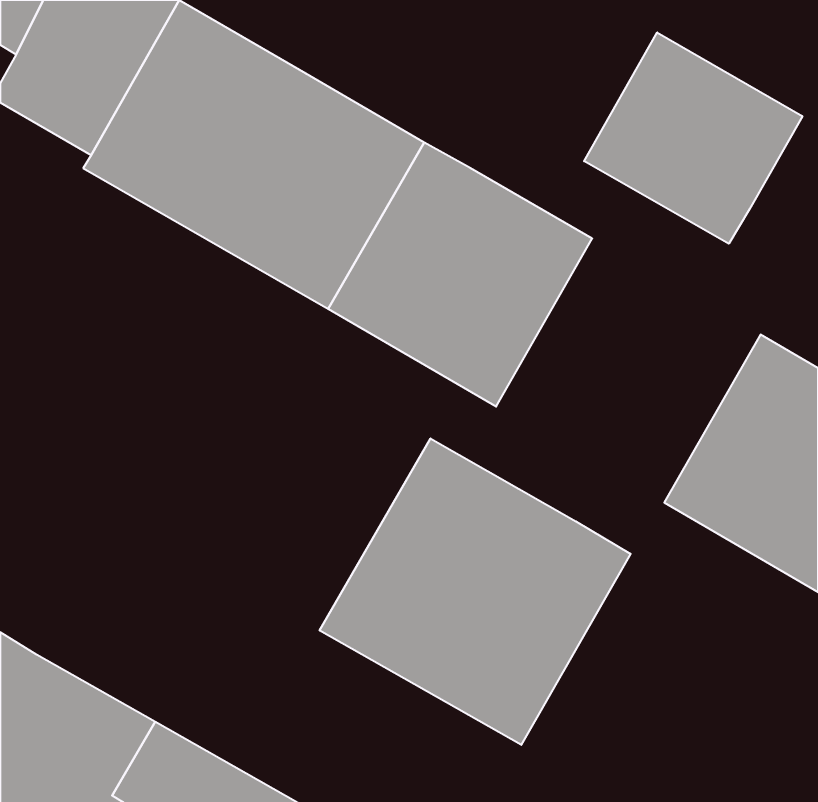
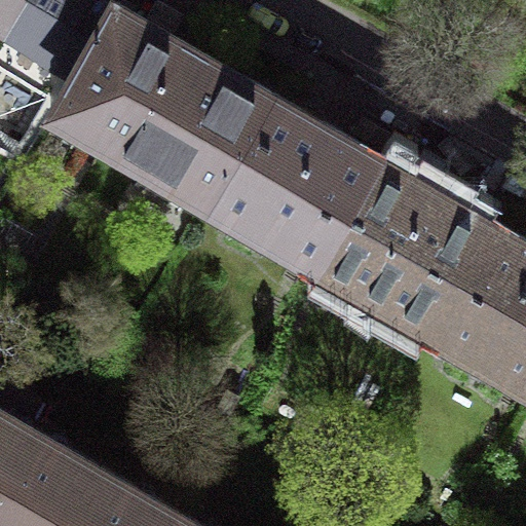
building: [584,32,802,244] -> none
building: none -> [318,163,488,333]
building: [320,438,631,745] -> none

